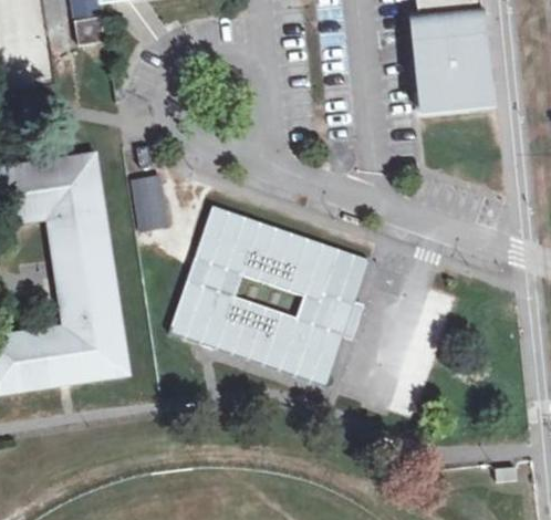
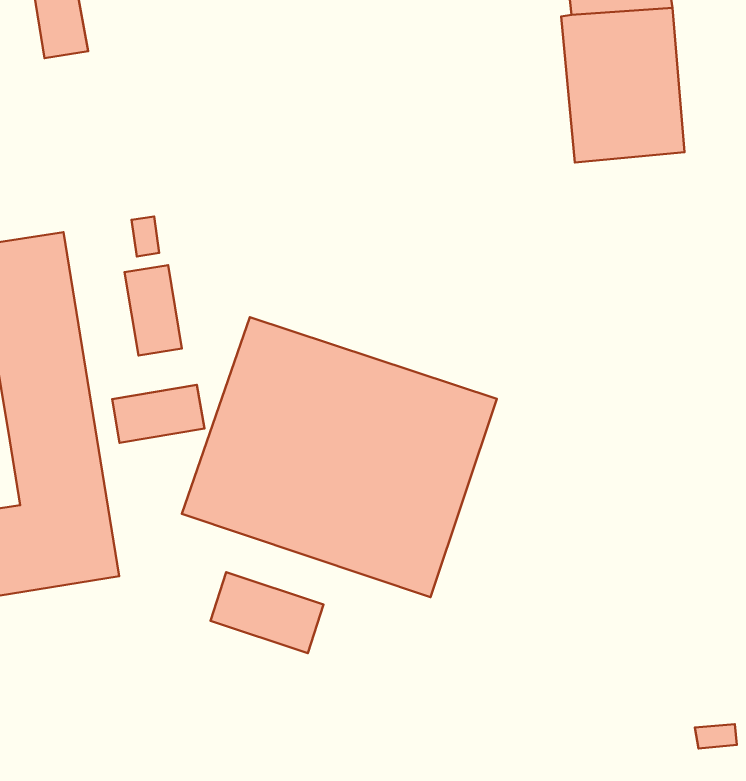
building: none -> [112,385,204,443]
building: none -> [210,572,324,653]

